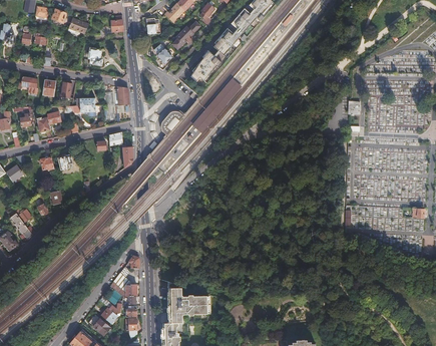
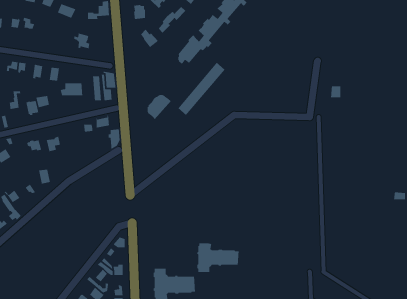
building: none -> [196,243,239,273]

